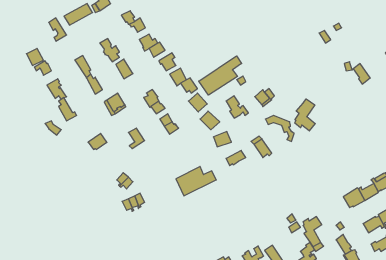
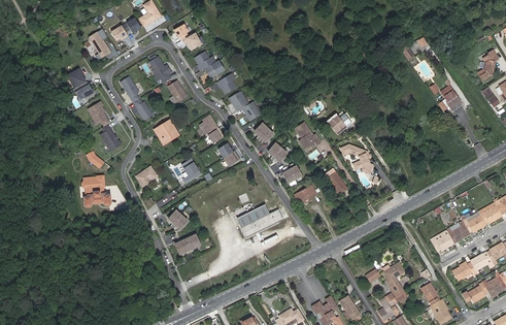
building: [199,56,242,95] -> none
building: [295,99,315,131] -> none
building: none -> [82,175,111,207]

